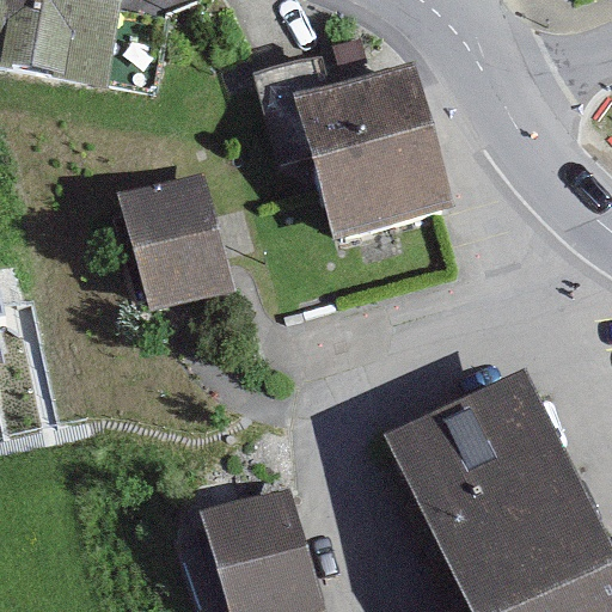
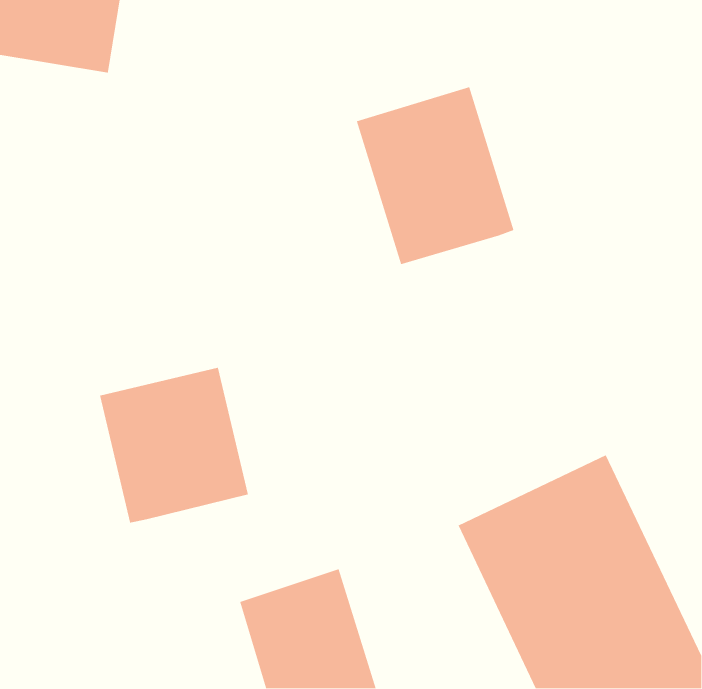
building: [121,178,225,304] -> none
building: none -> [99,367,249,523]

